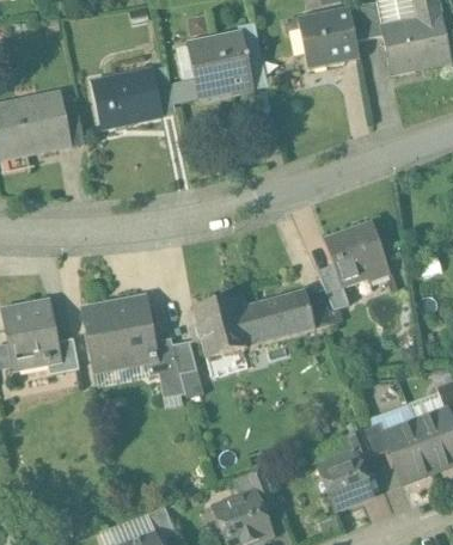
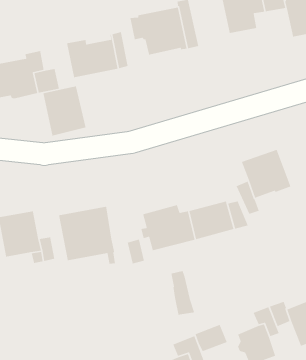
building: none -> [42,86,86,136]
building: [153,337,185,397] -> [171,270,195,316]
building: none -> [195,324,228,352]

